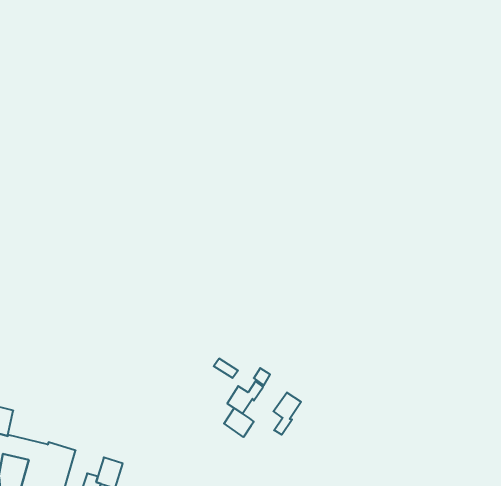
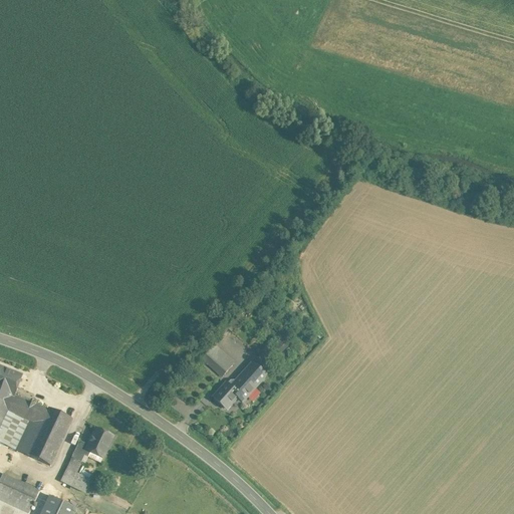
building: [273,392,301,435] -> none
building: [224,408,254,437] -> none

